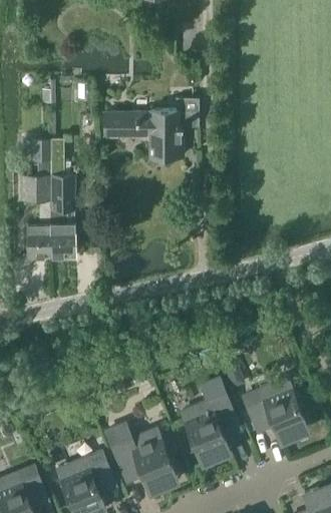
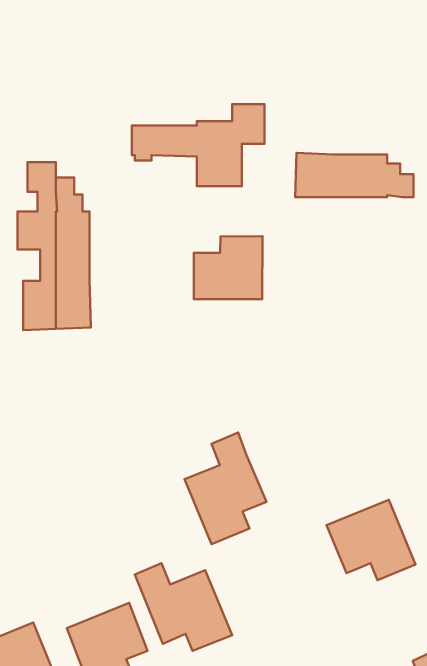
building: none -> [295,153,414,197]
building: none -> [194,236,262,299]
building: [181,379,239,458] -> [185,433,266,544]

